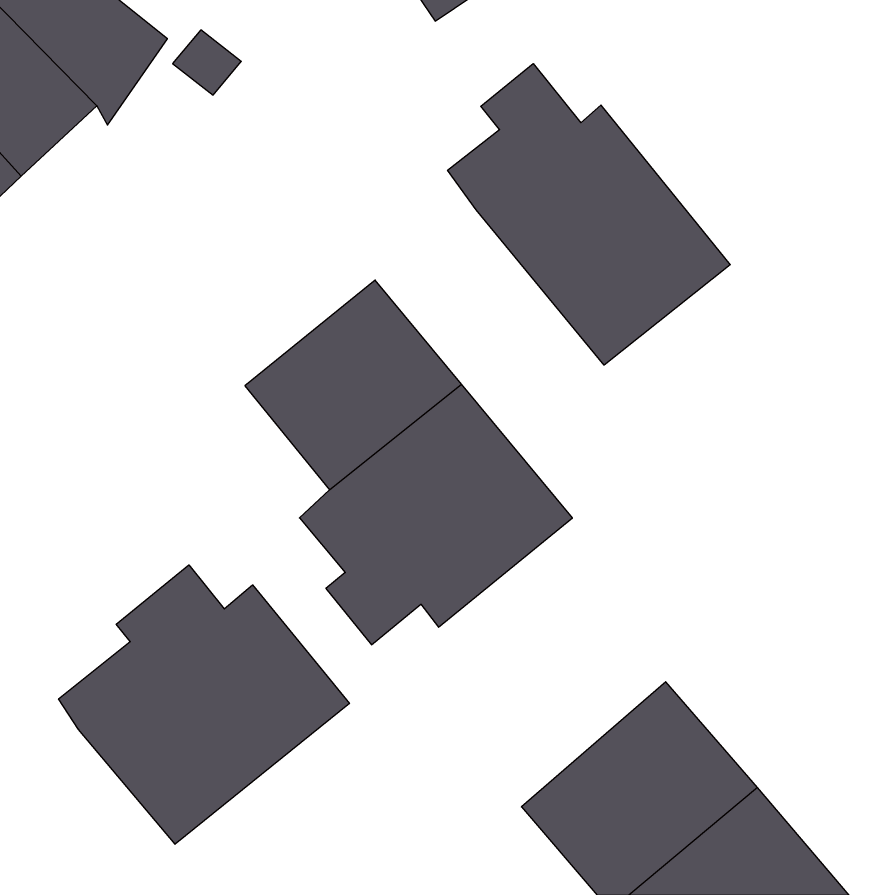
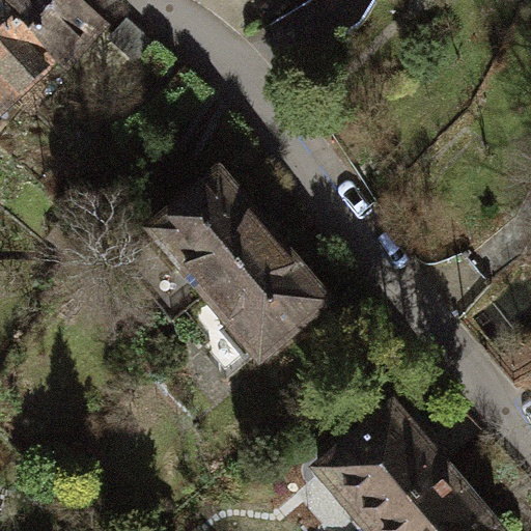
building: [448,64,730,365] -> none
building: [59,565,349,844] -> none

